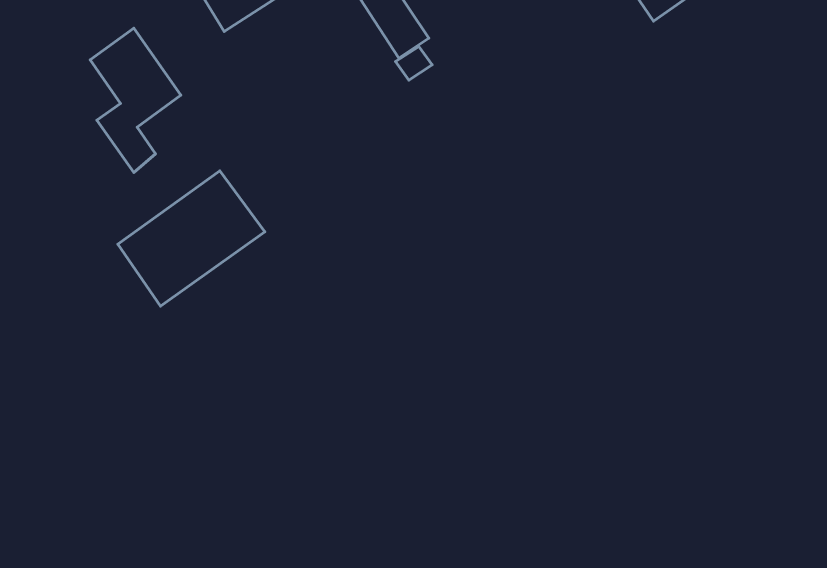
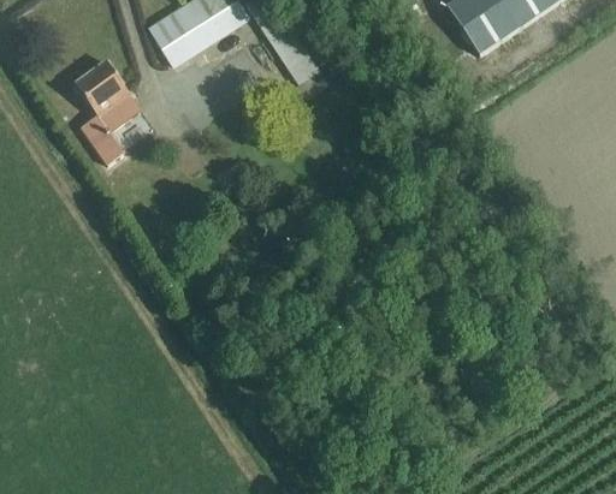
building: [118,171,265,306] -> none

